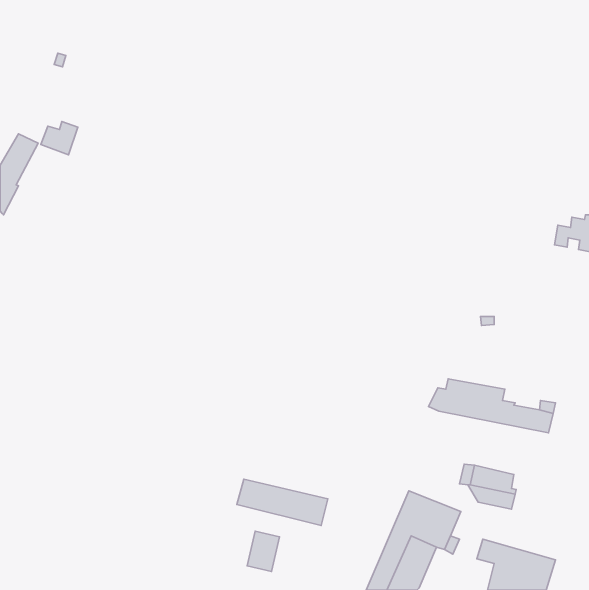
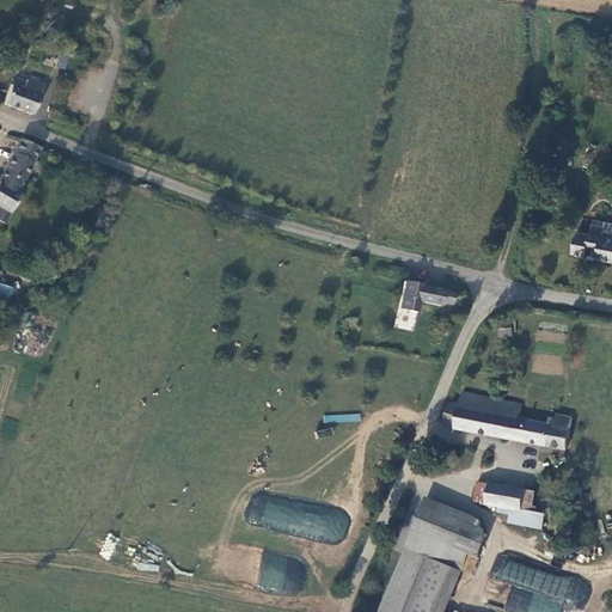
building: [41,121,78,155] -> [6,79,44,114]
building: none -> [399,280,454,311]

